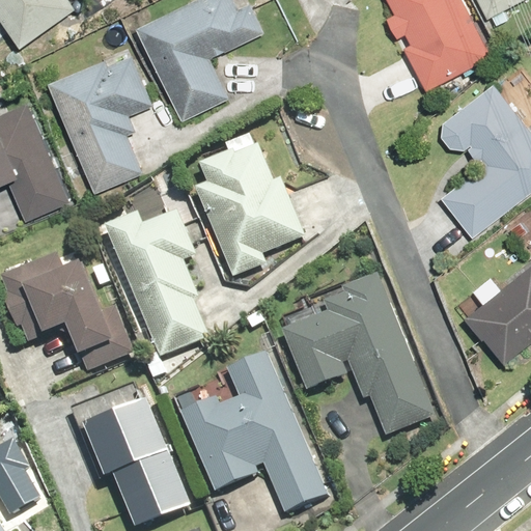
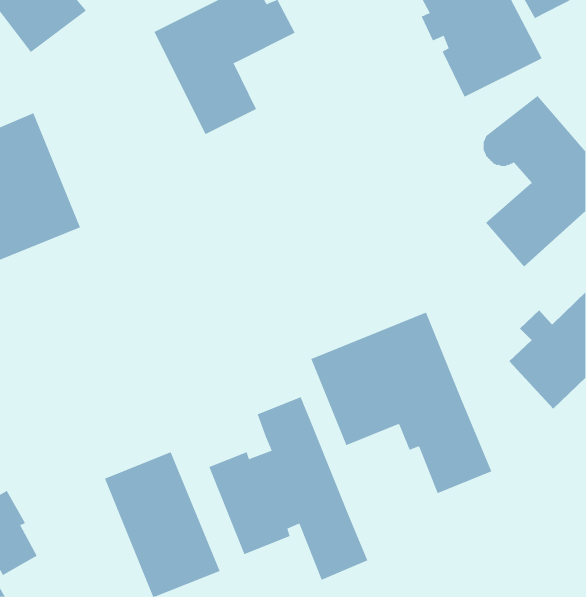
building: [47,50,156,192] -> none
building: [197,135,307,275] -> none
building: [109,212,211,356] -> none
building: [5,249,132,370] -> none

